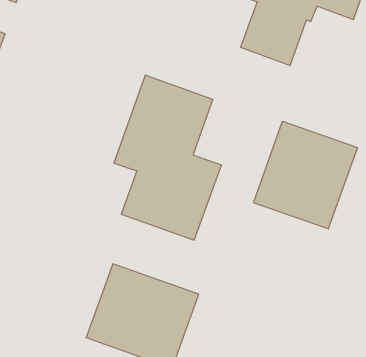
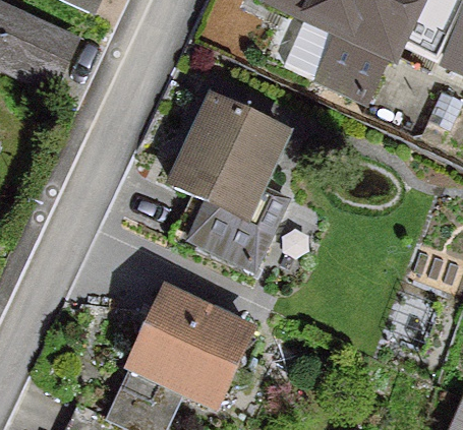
building: [253,121,357,229] -> none

